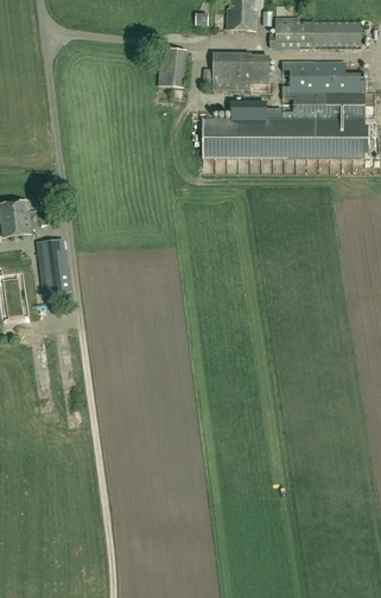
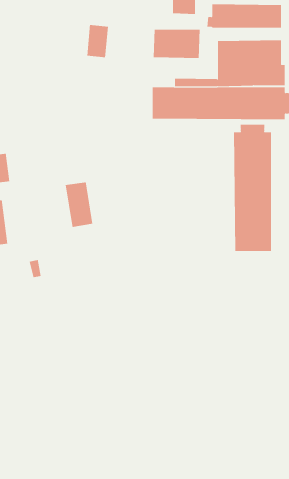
building: [159,47,186,88] -> [86,25,109,58]
building: none -> [234,124,271,252]
building: [37,238,71,294] -> [65,182,93,228]

